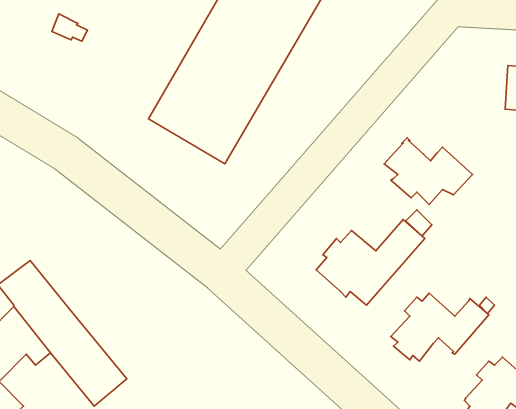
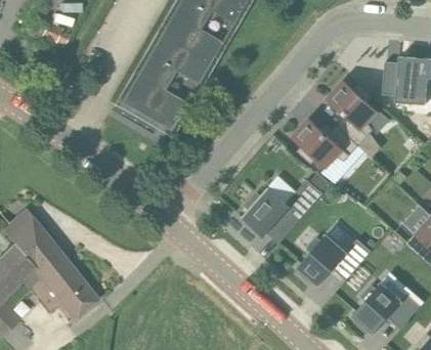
building: none -> [327,81,378,145]

